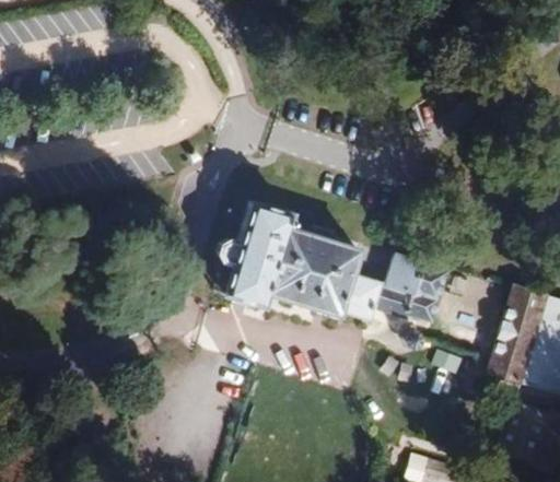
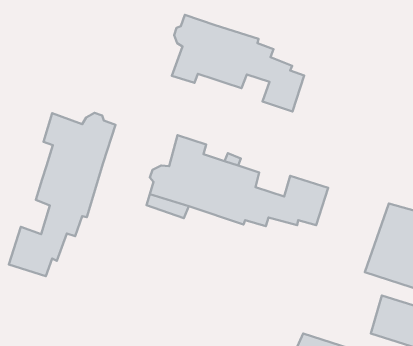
building: none -> [172,15,304,111]
building: none -> [9,113,116,276]

